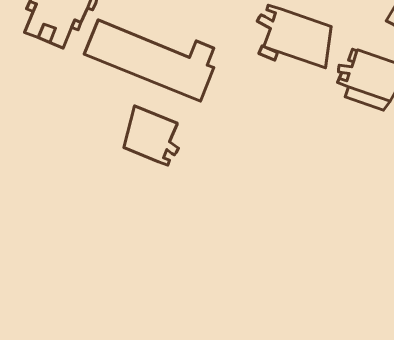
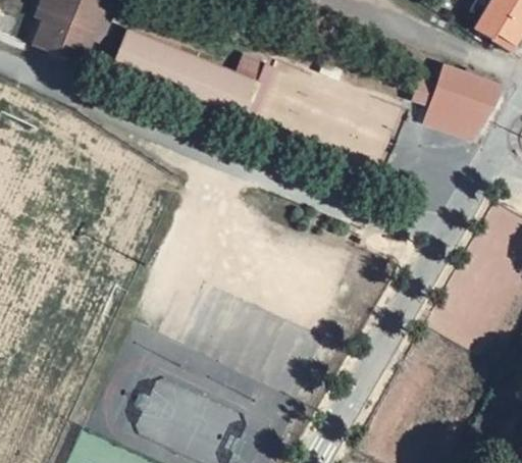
building: [257,5,331,68] -> none
building: [124,106,178,165] -> none

